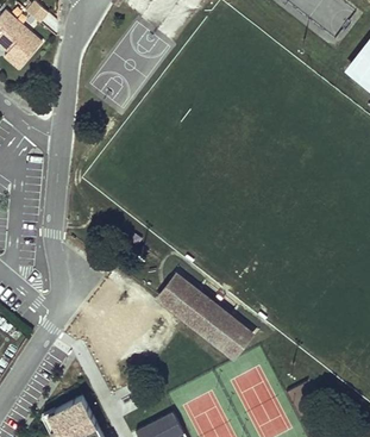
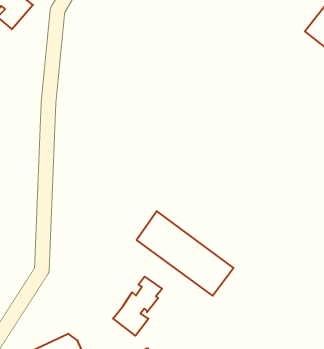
building: none -> [113,277,162,336]

